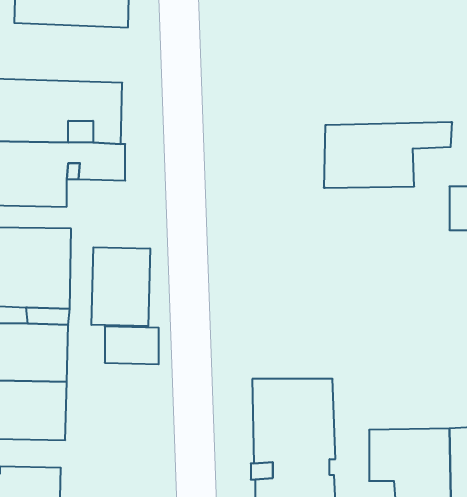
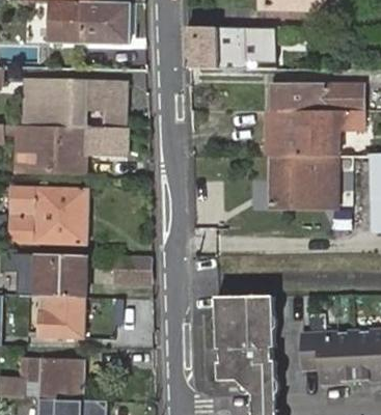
building: none -> [186,29,274,70]
building: none -> [268,86,358,113]
building: none -> [268,157,335,209]
building: [91,247,150,326] -> none

